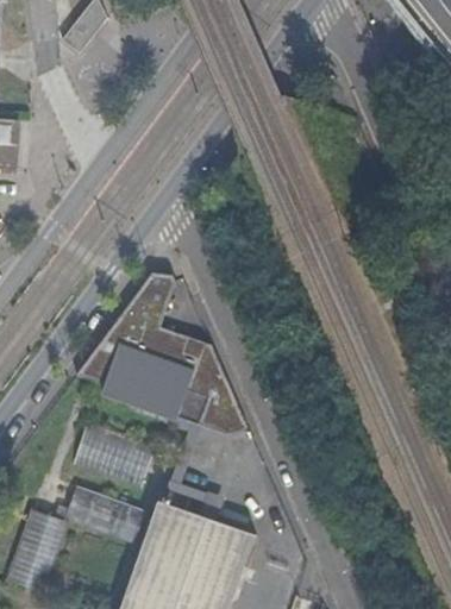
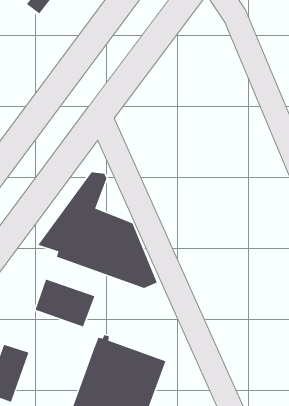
building: [62,486,126,534] -> none

